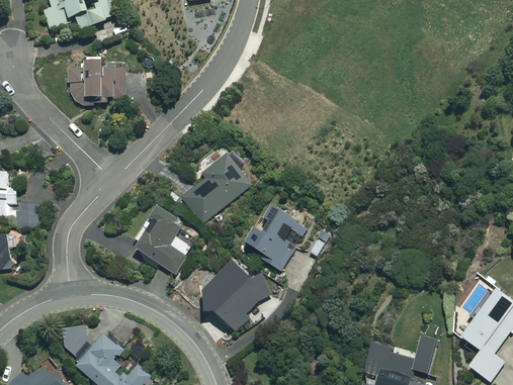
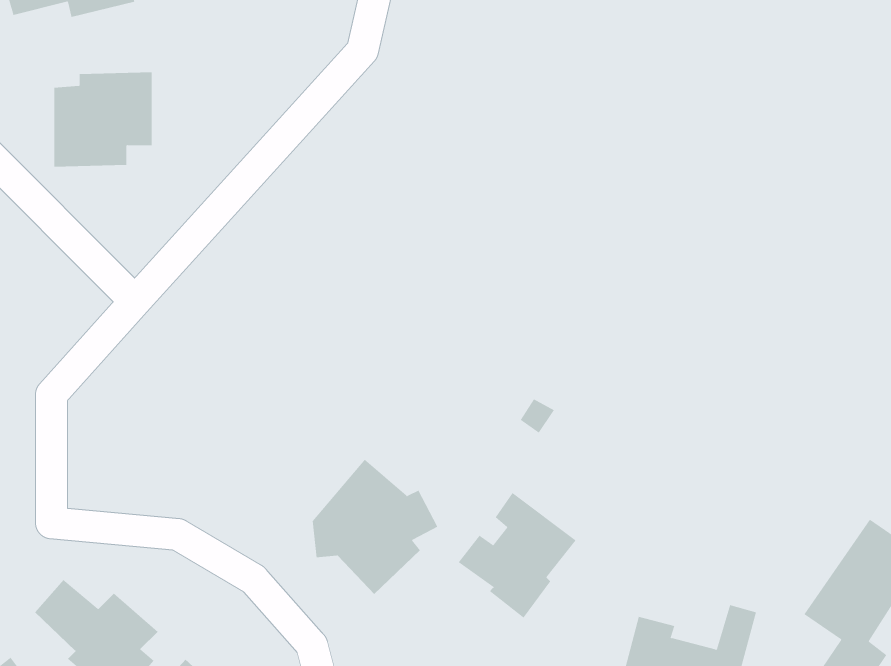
building: [181,154,251,222] -> none
building: [136,204,193,273] -> none
building: [246,204,308,270] -> [458,492,576,618]

